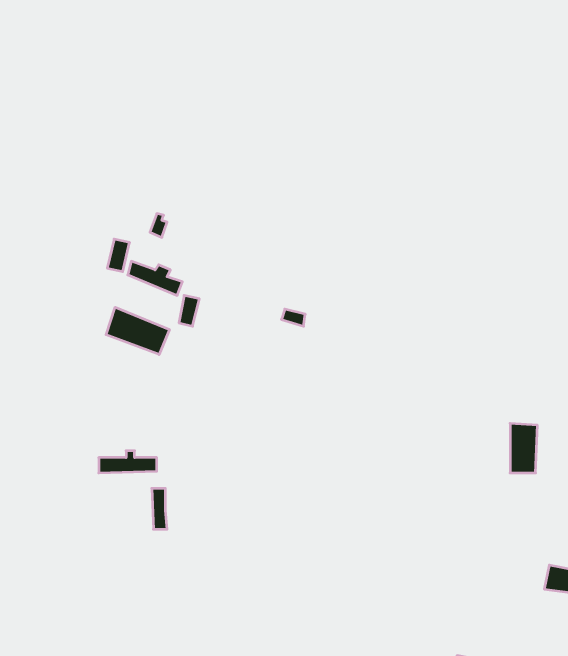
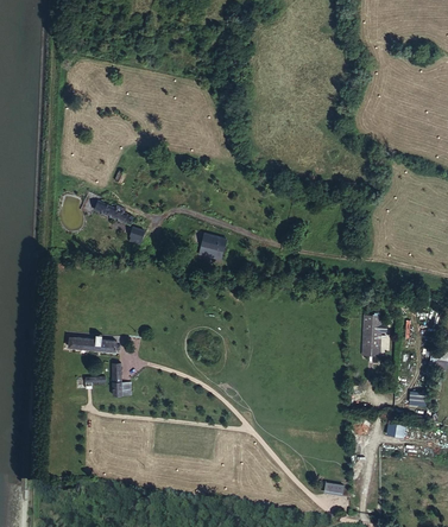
building: [106,307,169,355] -> none

